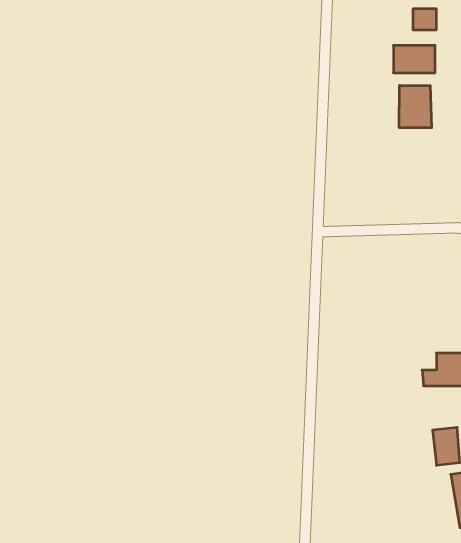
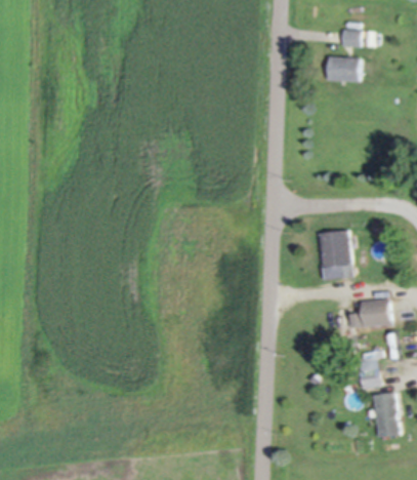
building: [399,85,432,128] -> none
building: none -> [319,231,352,280]

